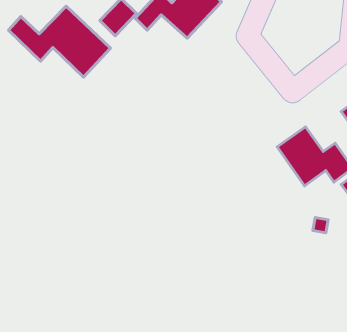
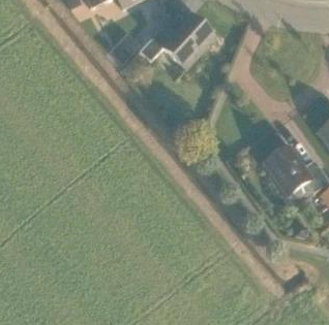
building: [8,6,111,77] -> none

